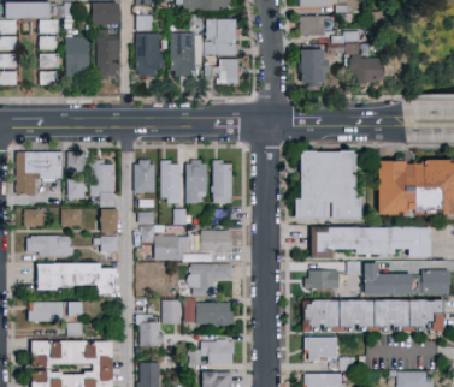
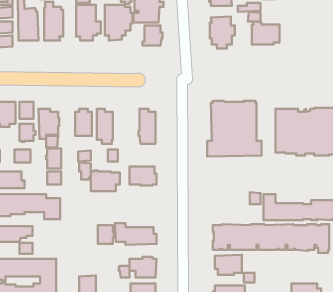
building: [187,160,207,203] -> none
building: [311,226,430,258] -> none
building: [188,263,232,296] -> none
building: [305,269,338,288] -> none
building: [136,314,164,346] -> none

